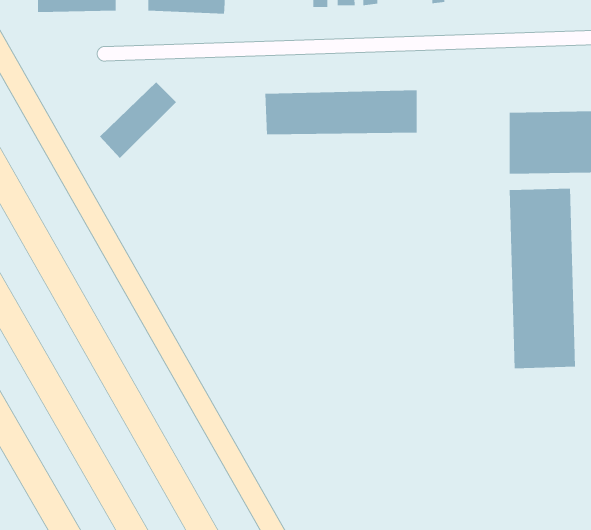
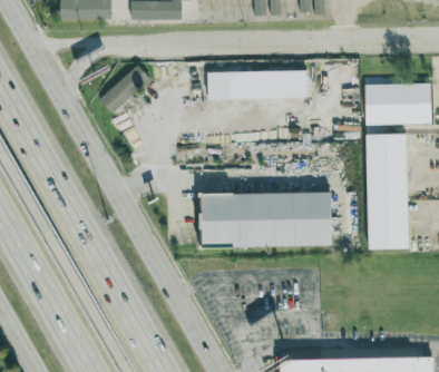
building: none -> [202,192,331,246]

